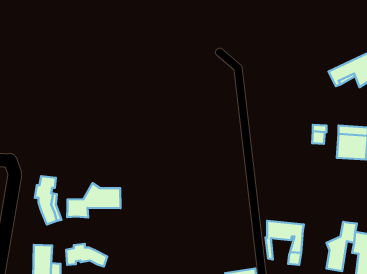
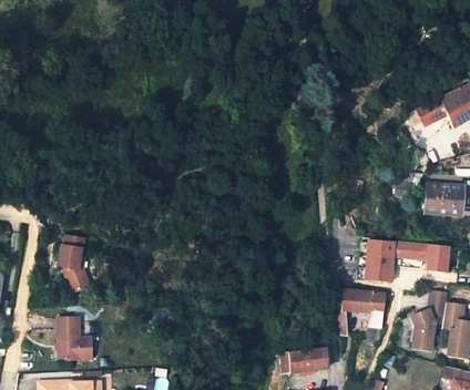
building: none -> [365,239,448,281]
building: [67,183,120,217] -> none
building: [66,244,107,267] -> none

